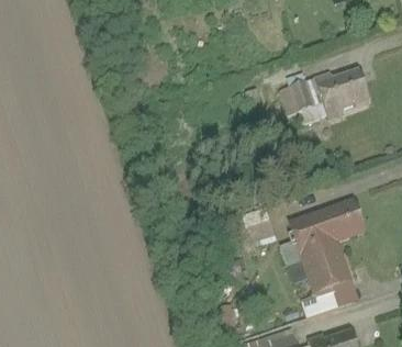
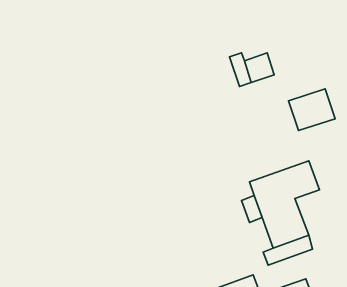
building: [316,67,368,113] -> [289,89,335,131]

